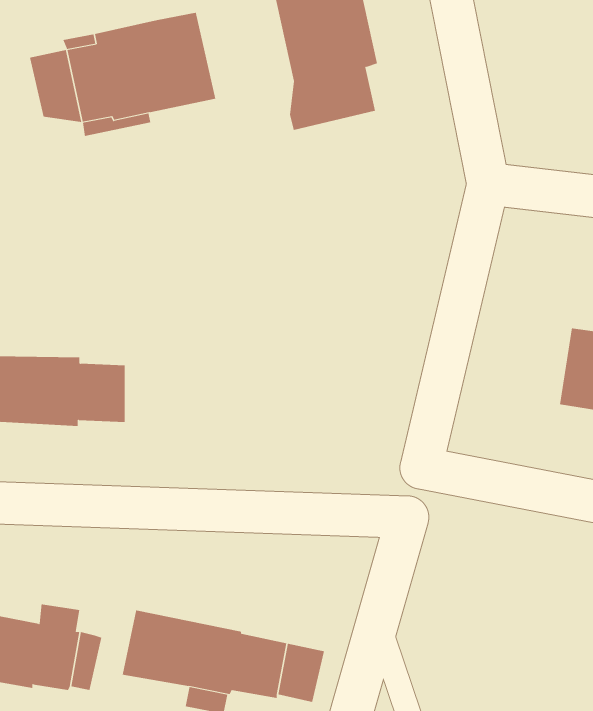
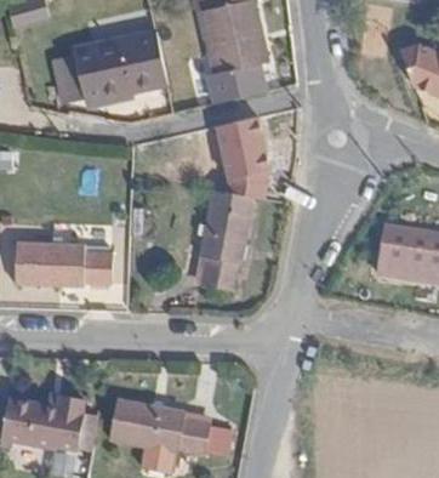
building: none -> [216,116,269,178]
building: none -> [199,190,251,291]

